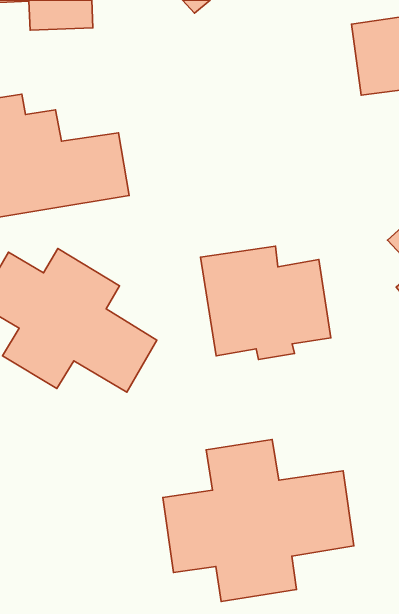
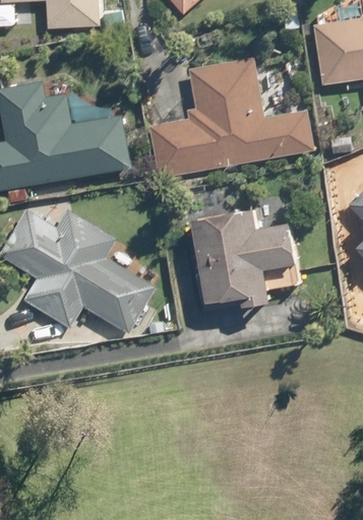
building: none -> [148,58,313,177]
building: [163,440,354,601] -> none

